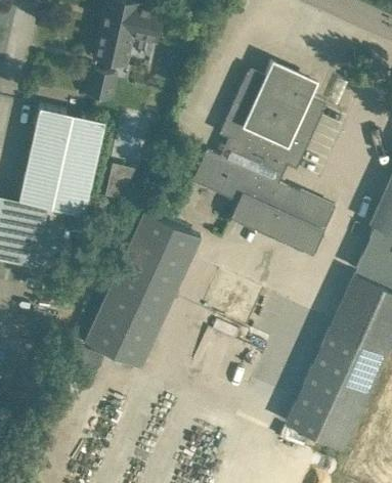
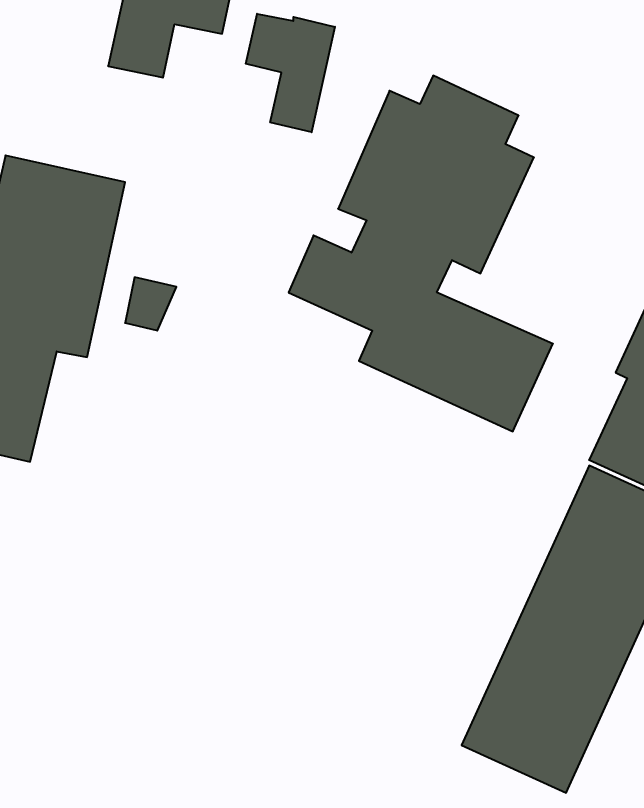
building: none -> [246,14,335,132]
building: [87,72,115,99] -> none
building: [83,212,198,369] -> none

